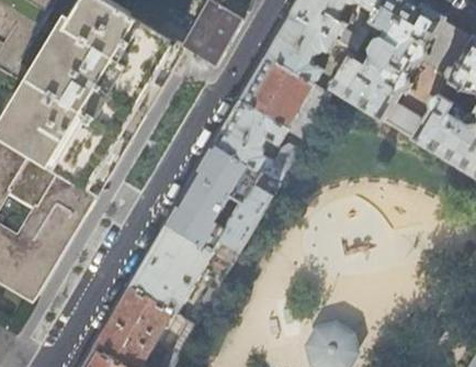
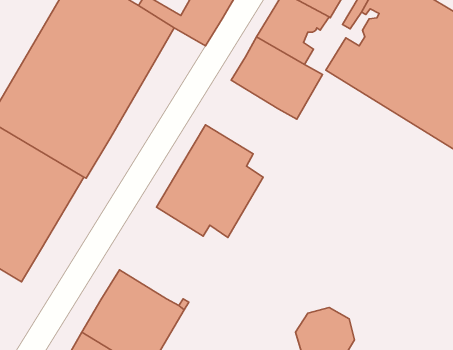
building: [214,99,297,182] -> none
building: [129,224,230,314] -> none

